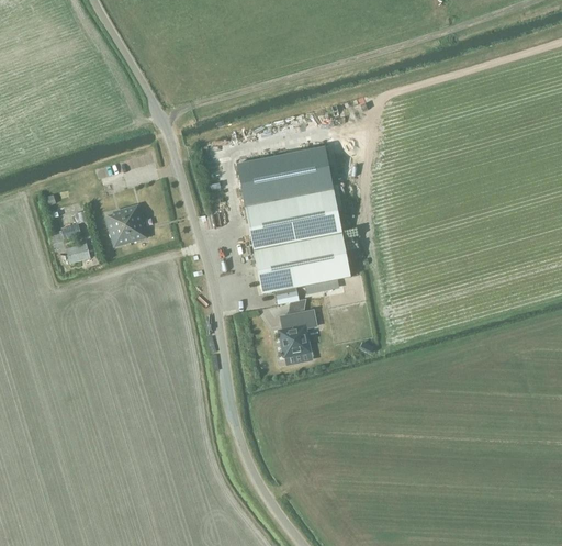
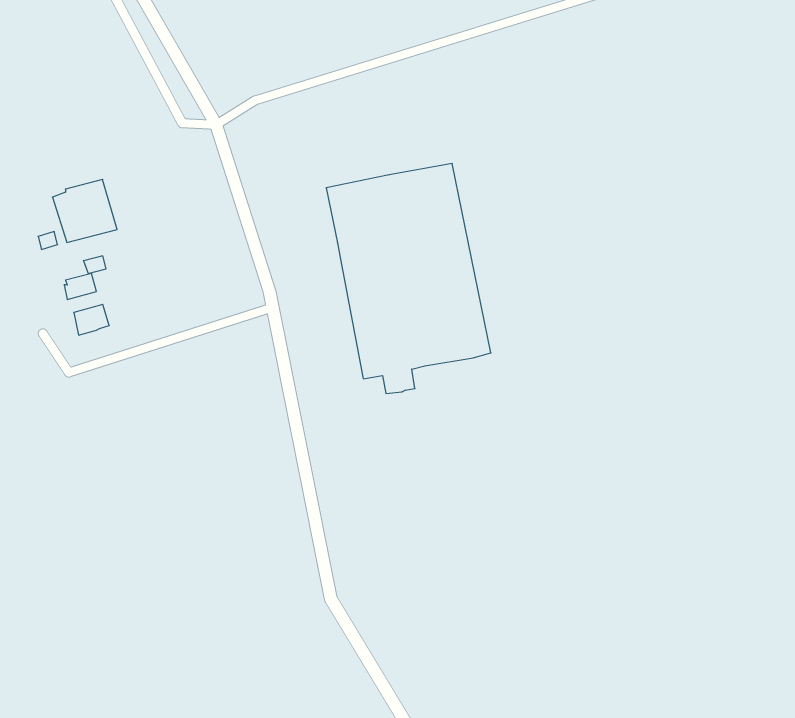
building: [104,202,148,245] -> [52,179,117,242]
building: [279,308,315,355] -> none

